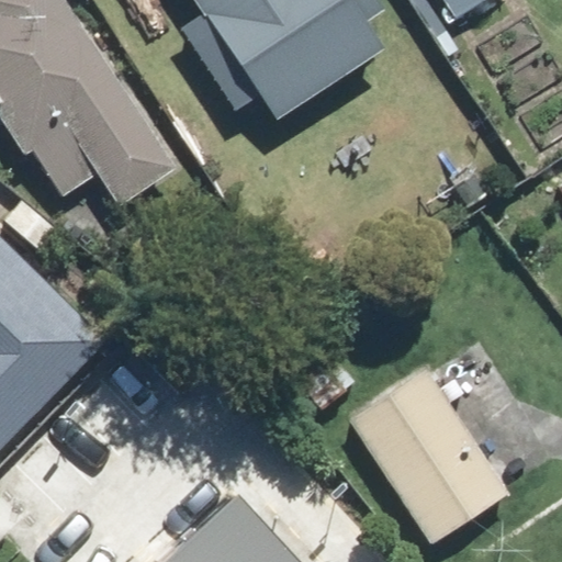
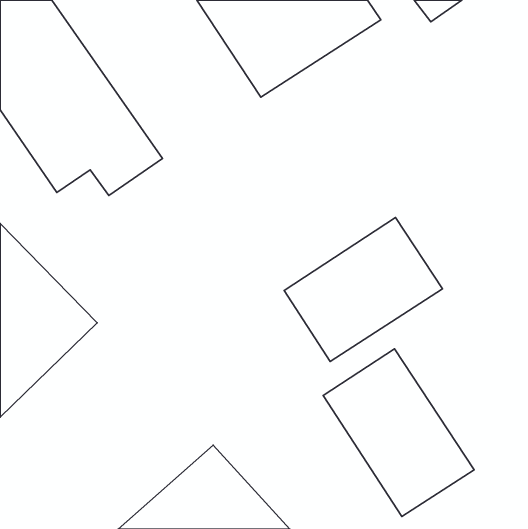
building: none -> [284,218,443,361]

